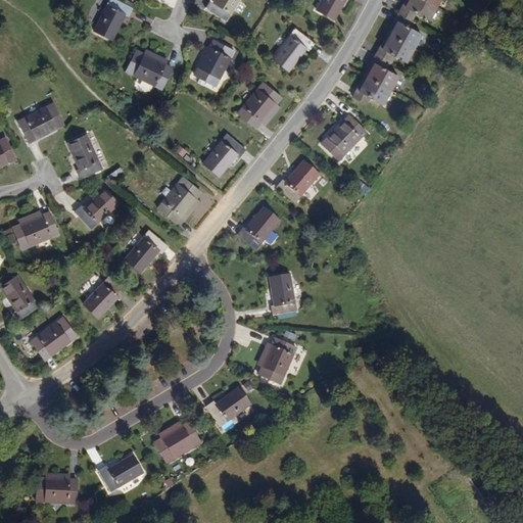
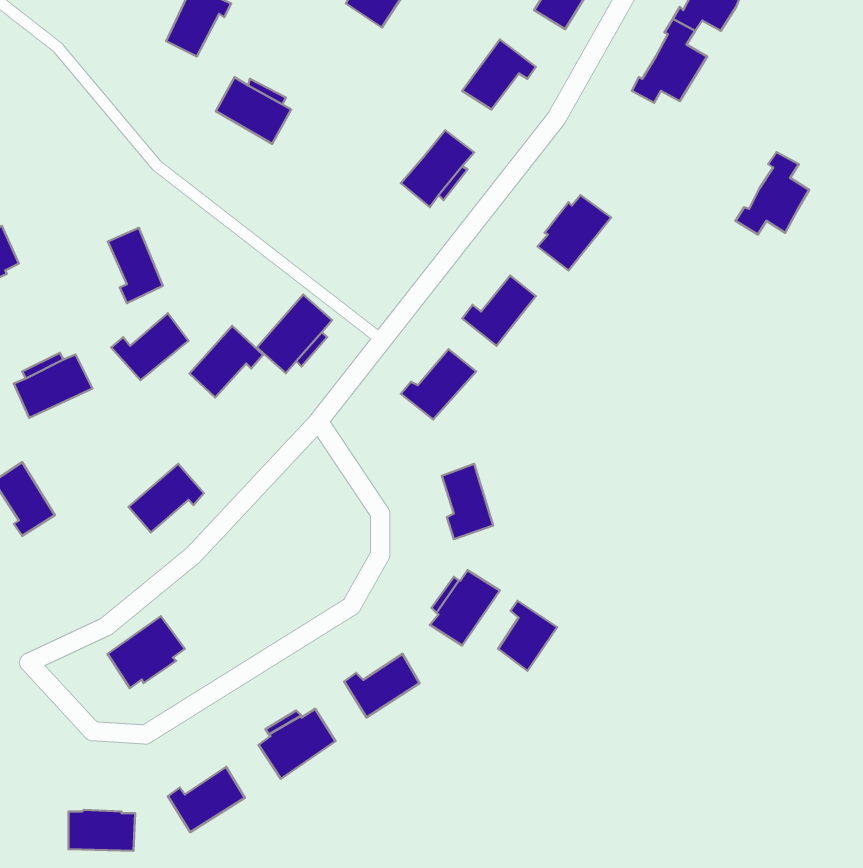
building: [197,37,236,83] -> none
building: [352,54,396,103] -> [736,152,809,234]
building: [15,102,60,140] -> none
building: [203,131,248,174] -> none
building: [122,229,165,272] -> [190,326,263,398]
building: [25,318,70,361] -> [108,616,185,688]
building: none -> [498,601,557,671]

